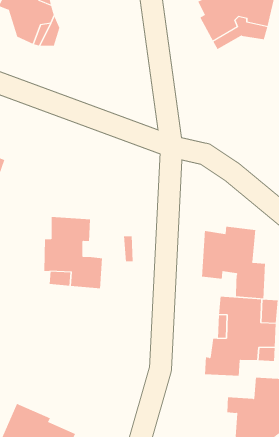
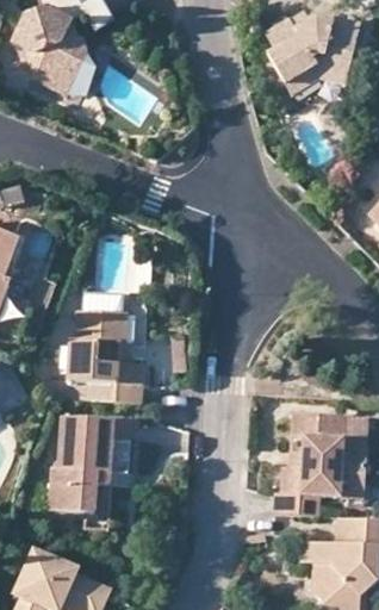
building: [201,226,266,299] -> none
building: none -> [49,416,132,510]

